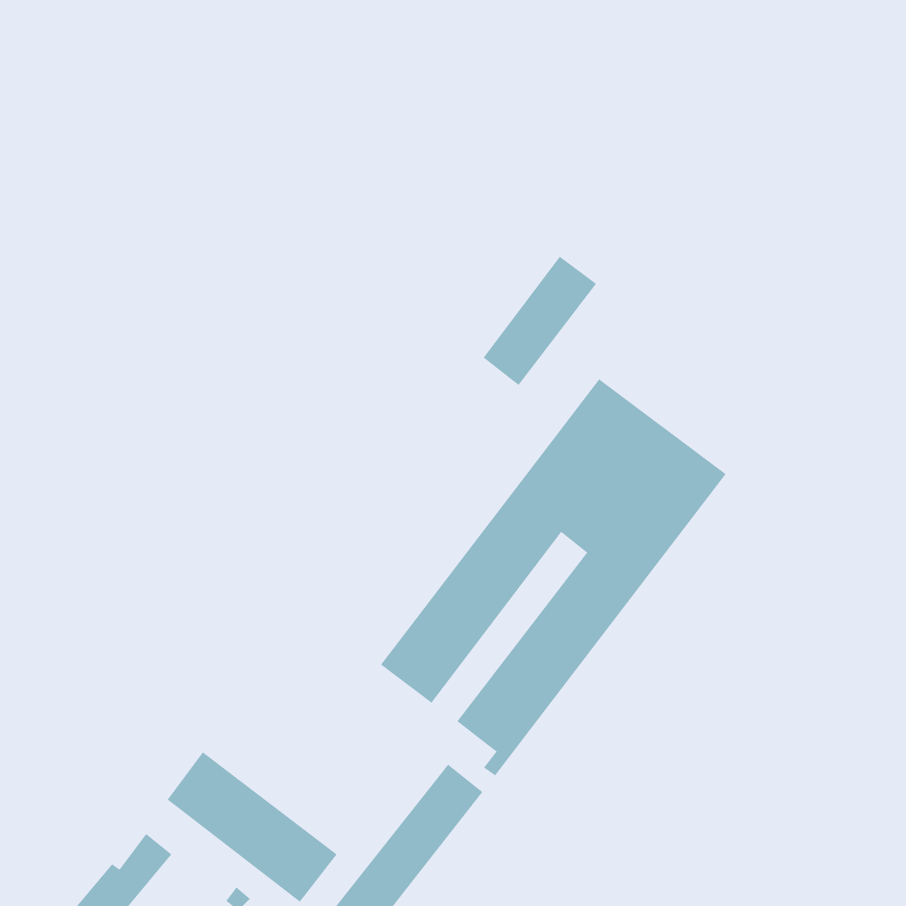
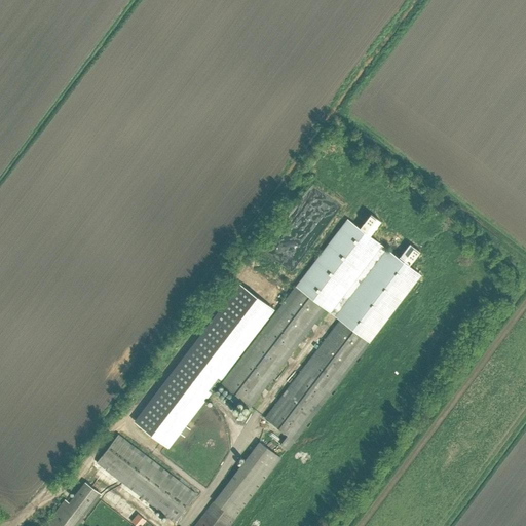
building: [483,256,597,386] -> none
building: none -> [129,280,271,446]

